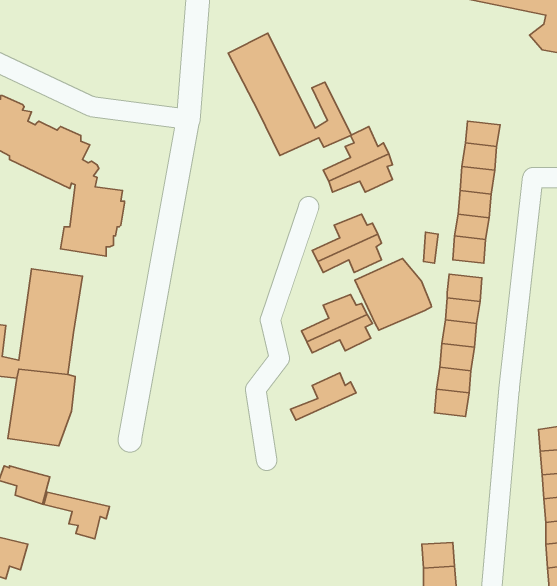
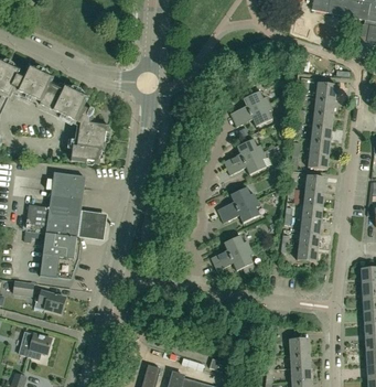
building: [228,33,351,155] -> none
building: [355,258,432,330] -> none
building: none -> [75,211,105,239]
building: none -> [213,247,255,273]
building: [44,492,109,539] -> none

